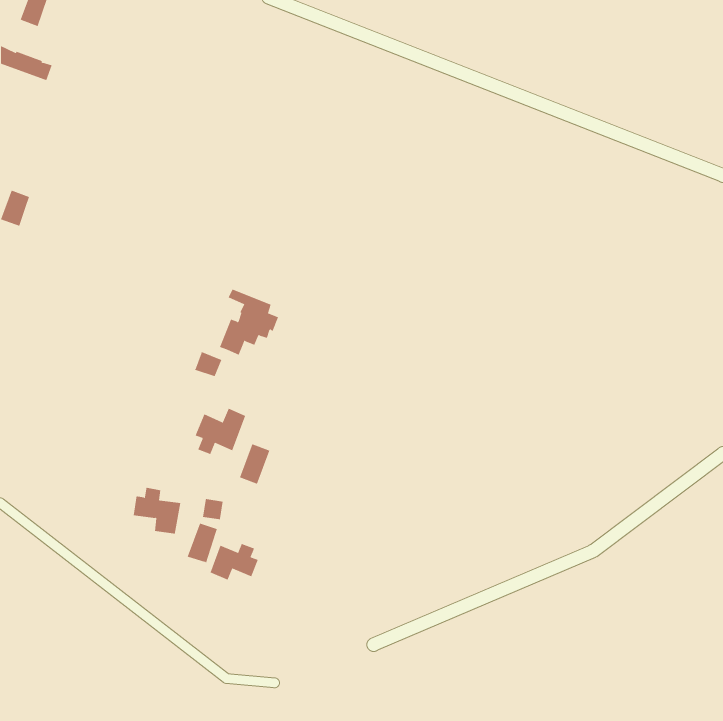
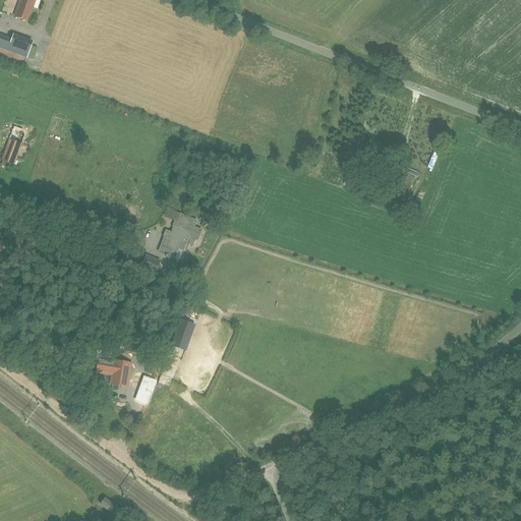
building: [195,408,246,455] -> none
building: [210,543,258,580] -> none

